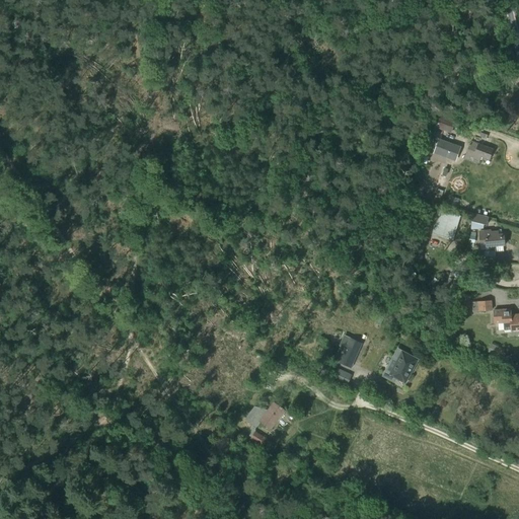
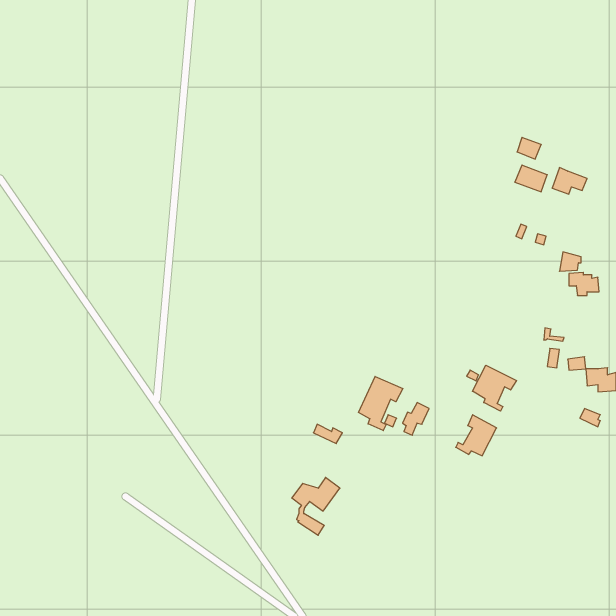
building: [433,209,458,240] -> none
building: none -> [472,365,517,411]
building: none -> [358,376,403,431]

